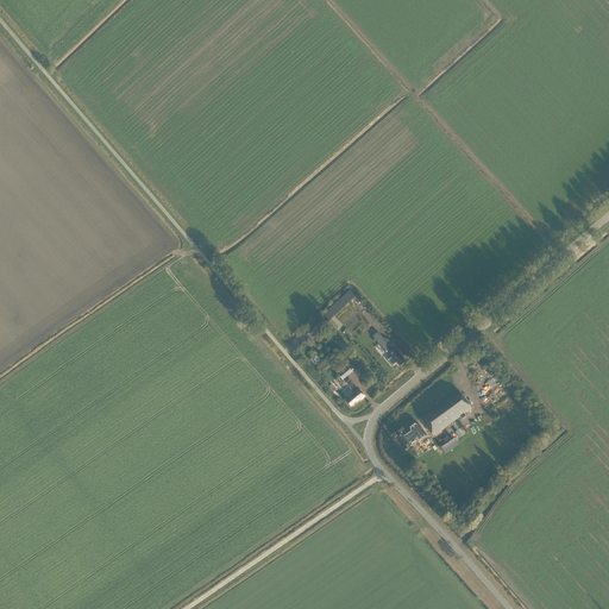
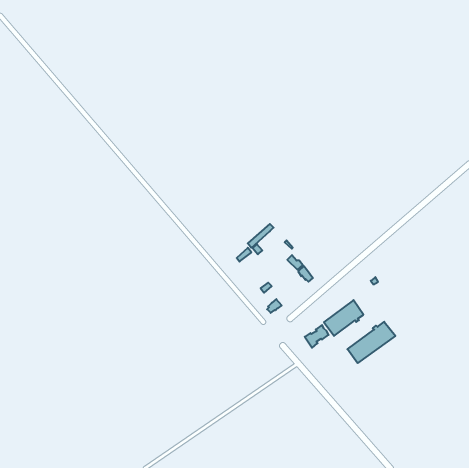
building: none -> [347,322,395,363]

